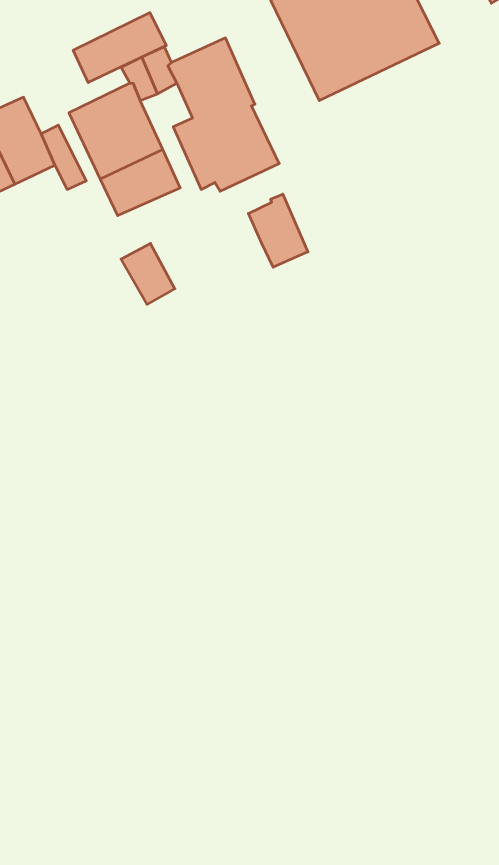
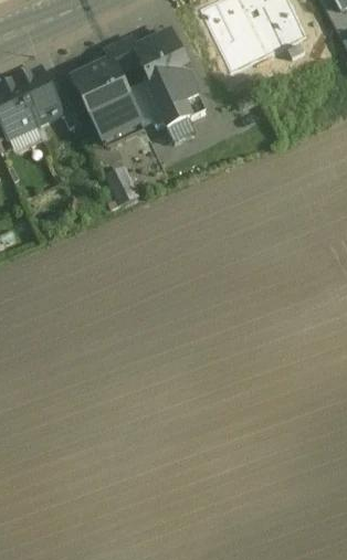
building: [73,13,166,83] -> none
building: [248,194,308,267] -> none

